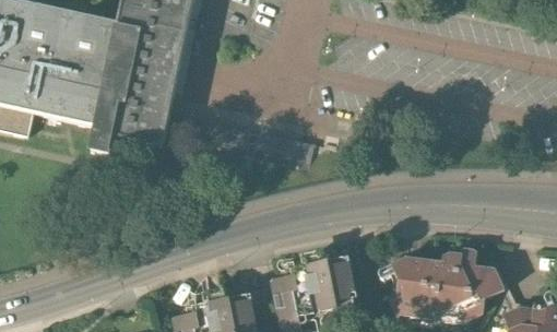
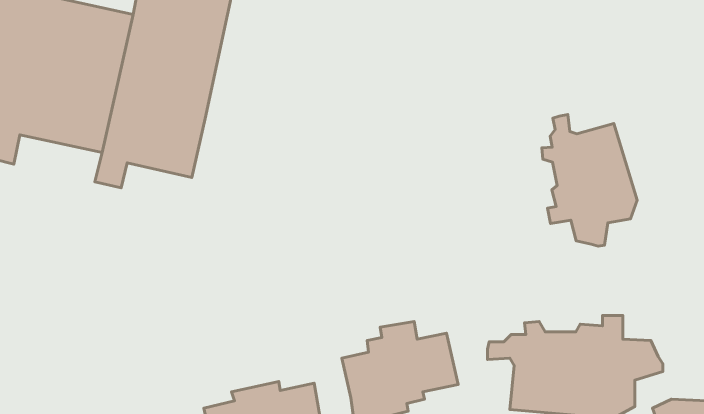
building: none -> [542,115,637,246]

